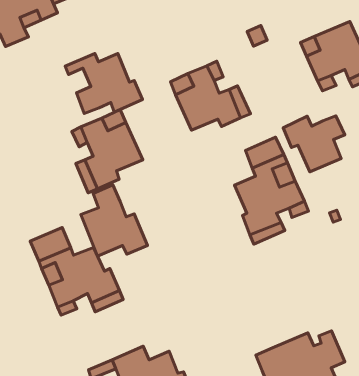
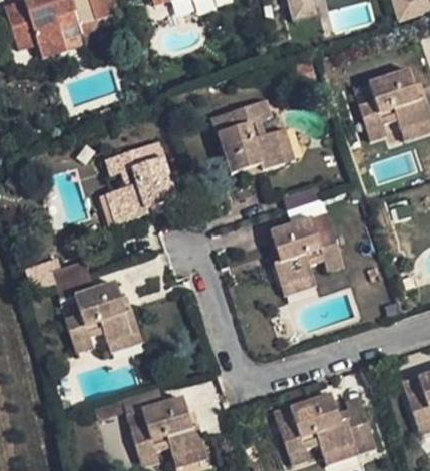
building: [65,54,143,114] -> none
building: [283,116,345,172] -> none
building: [81,185,148,256] -> none

